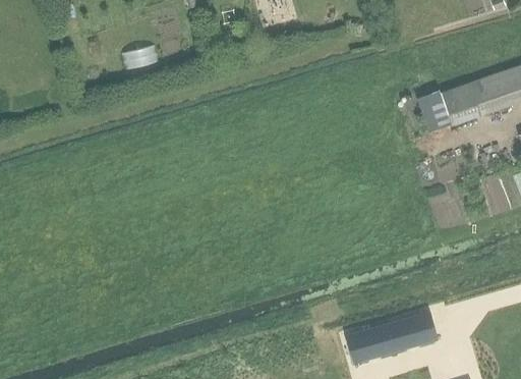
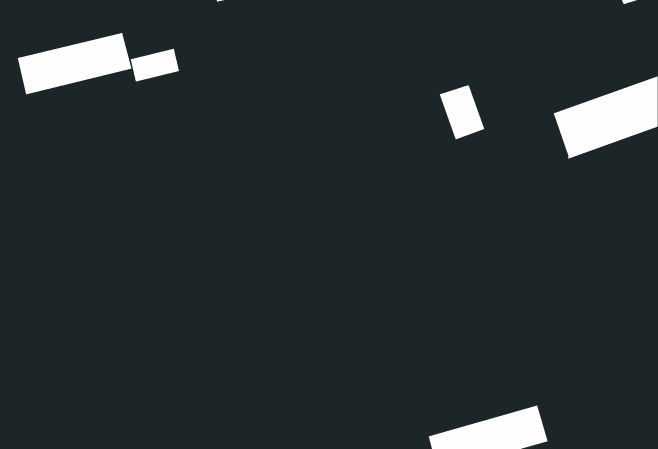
building: none -> [17,32,132,95]
building: [417,90,452,131] -> [439,85,485,140]

